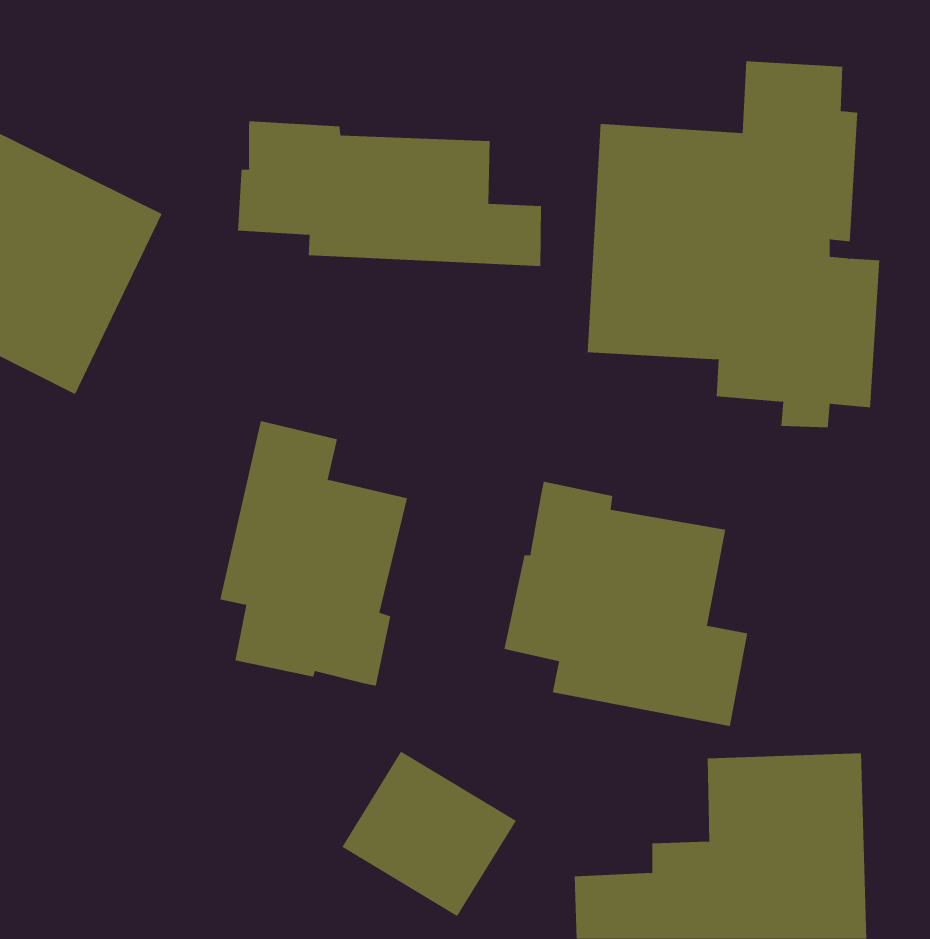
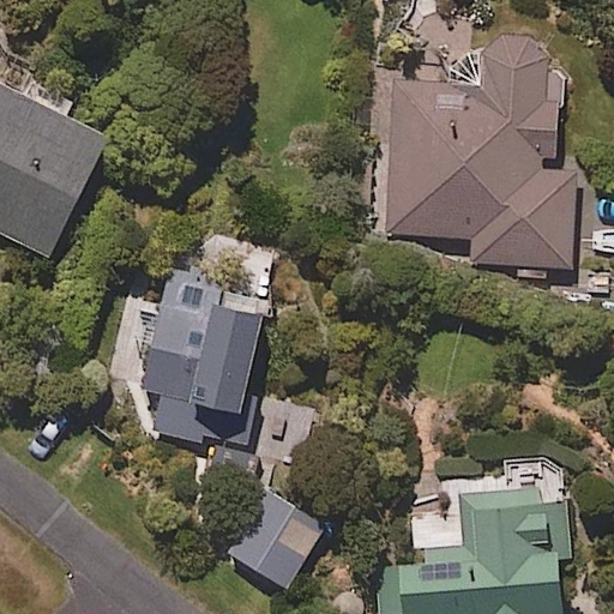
building: [238,121,542,267] -> none
building: [504,481,748,727] -> none

